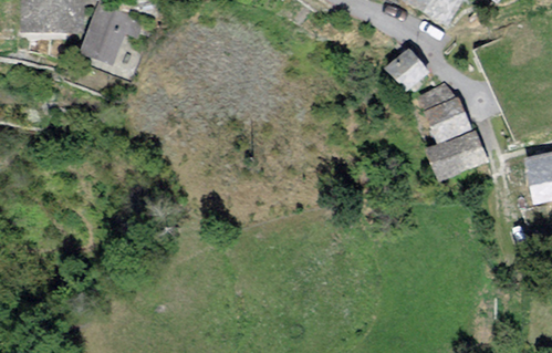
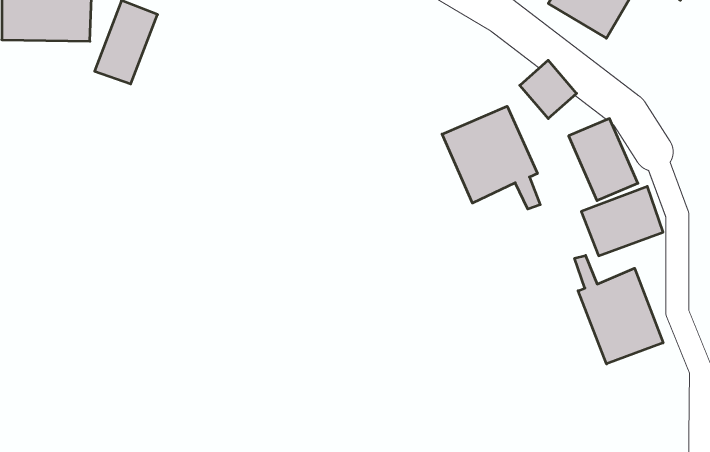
building: none -> [442,106,540,209]
building: none -> [575,255,663,364]

